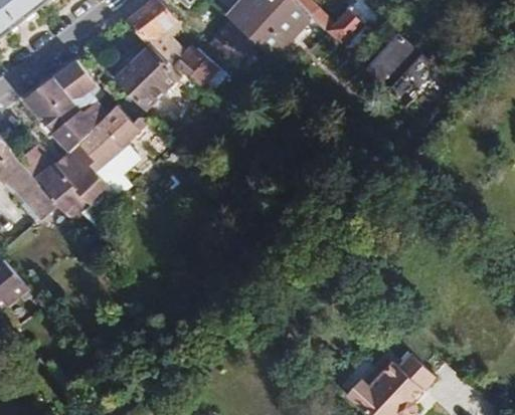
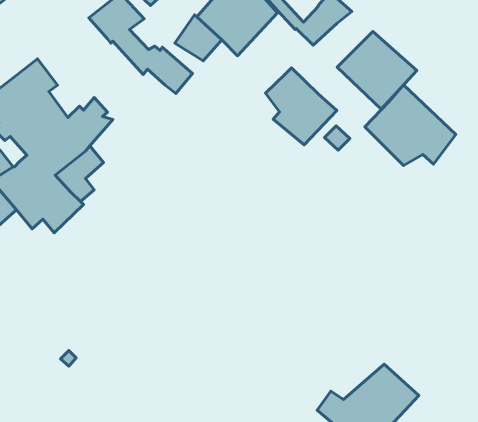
building: [110,39,199,110] -> none
building: none -> [266,68,337,145]
building: none -> [365,85,456,165]

